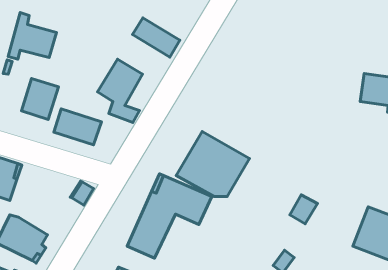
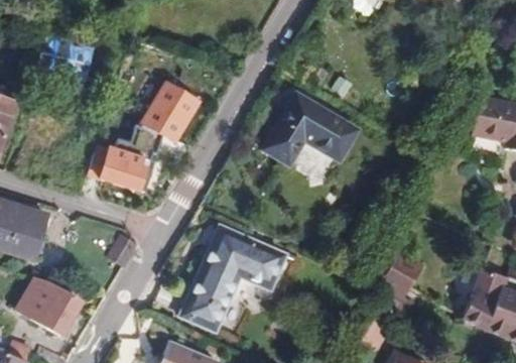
building: [132,18,180,57] -> none
building: [22,79,59,119] -> none
building: [176,131,250,196] -> [265,93,357,174]

